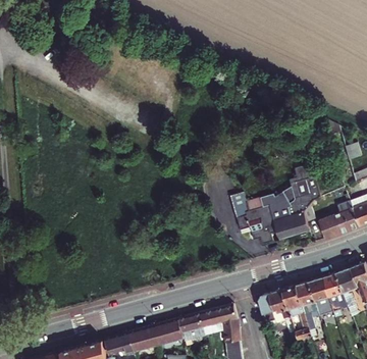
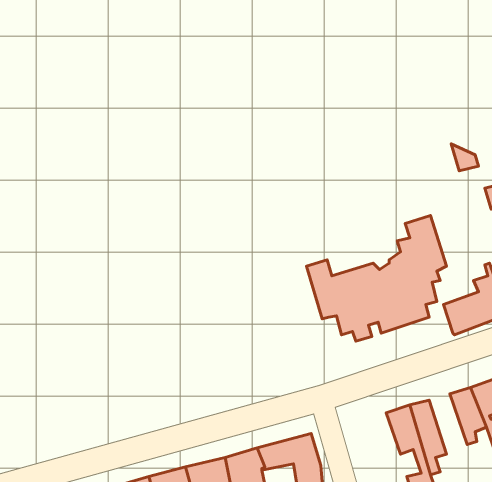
building: [307,278,331,317] -> none
building: [257,291,289,323] -> none

